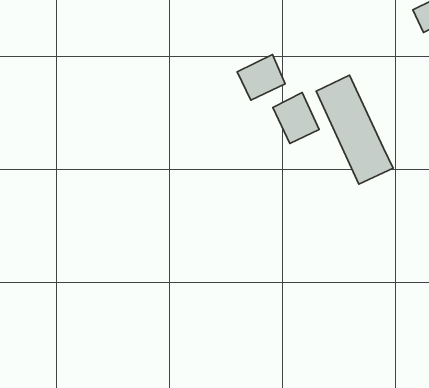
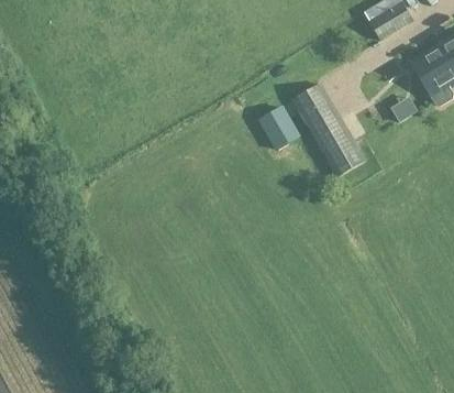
building: [237,55,285,100] -> none

